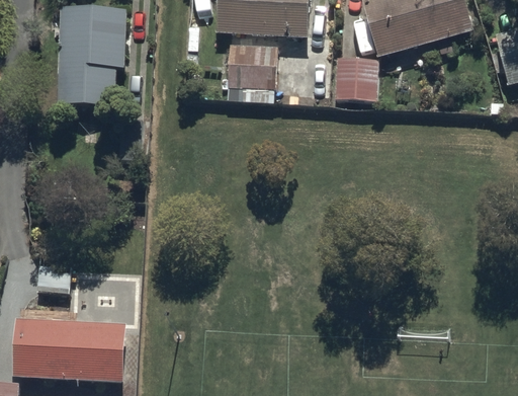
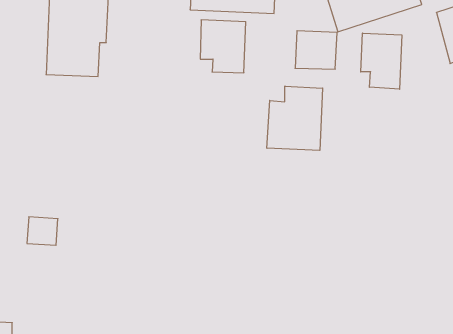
building: none -> [361,33,402,89]
building: none -> [267,86,323,150]
building: [10,314,125,382] -> none

